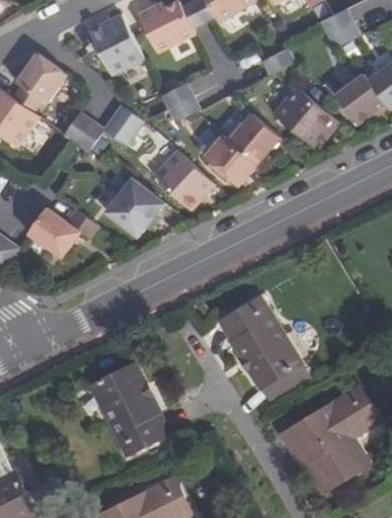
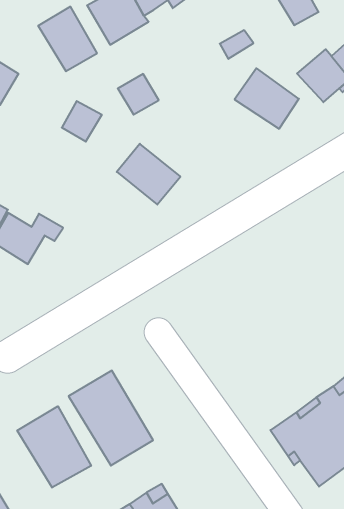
building: [64,111,103,151] -> none
building: [204,113,279,186] -> none
building: [104,177,163,236] -> none
building: [222,297,302,388] -> none
building: none -> [17,406,91,488]

